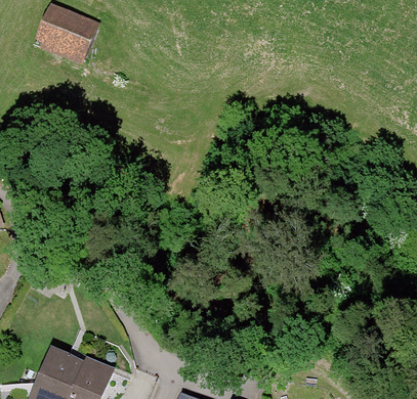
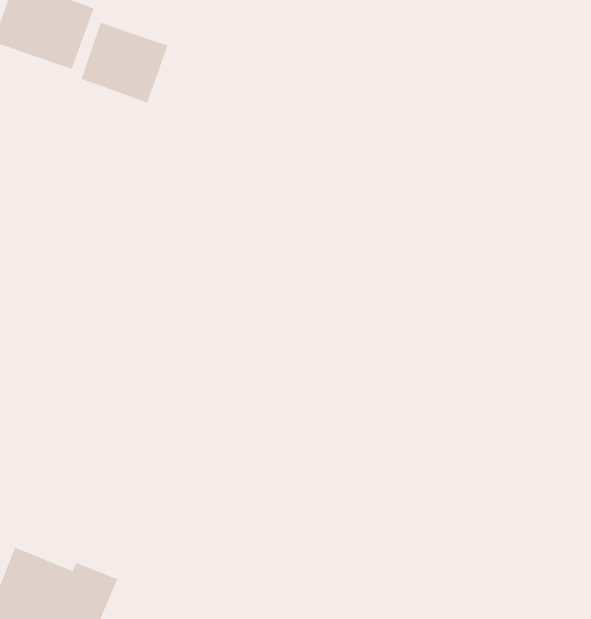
building: none -> [81,22,168,104]

